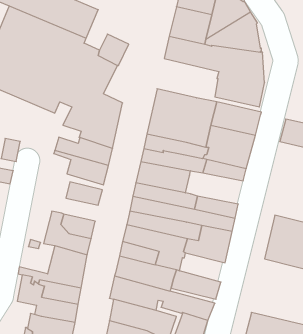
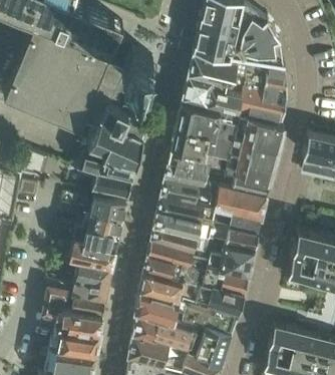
building: none -> [181,78,241,116]
building: none -> [208,190,265,223]
building: none -> [85,217,121,240]
building: none -> [202,271,247,300]

